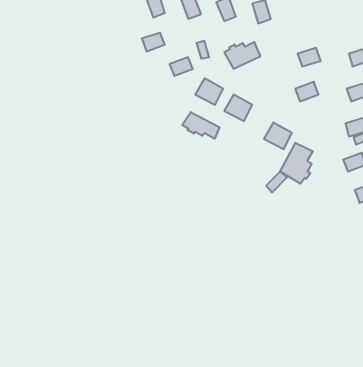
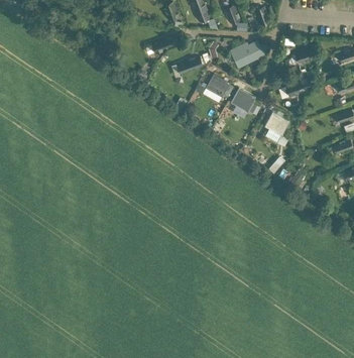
building: [182,112,220,139] -> none
building: [280,143,313,184] -> none

